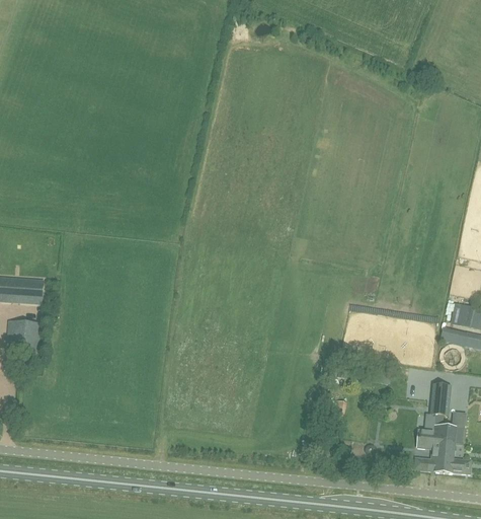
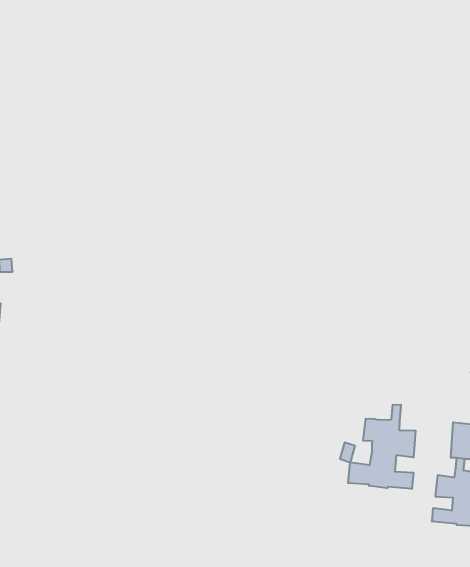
building: none -> [348,405,416,489]

